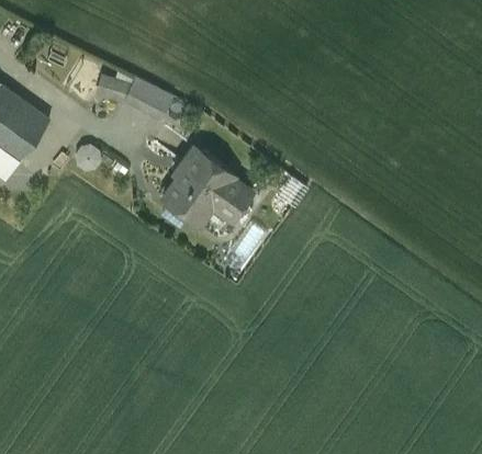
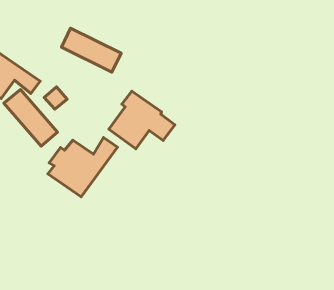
building: none -> [4,89,58,146]
building: none -> [48,137,117,197]

